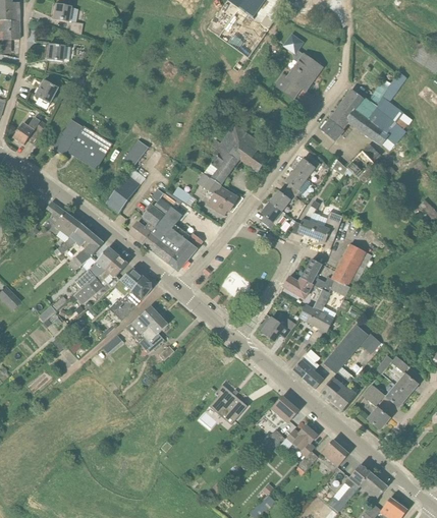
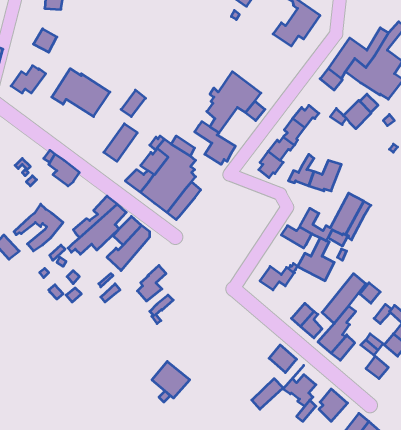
building: [55,223,104,270] -> [14,204,63,251]
building: [131,304,161,334] -> none
building: [210,387,248,423] -> [152,361,190,398]

